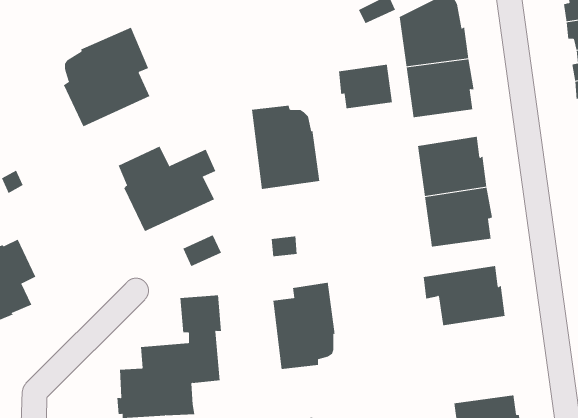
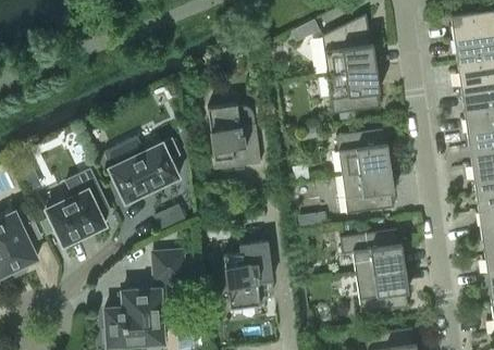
building: [63,27,150,127] -> none
building: [339,64,393,109] -> none
building: none -> [47,170,110,245]
building: none -> [356,267,409,314]

